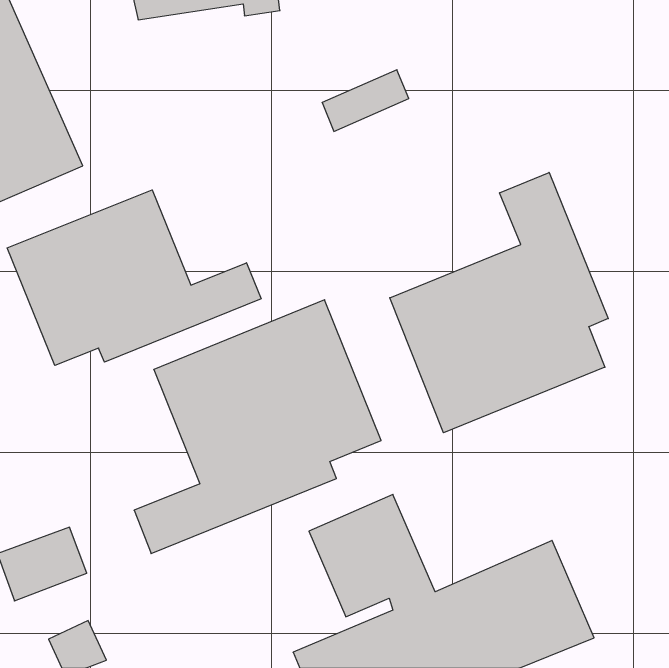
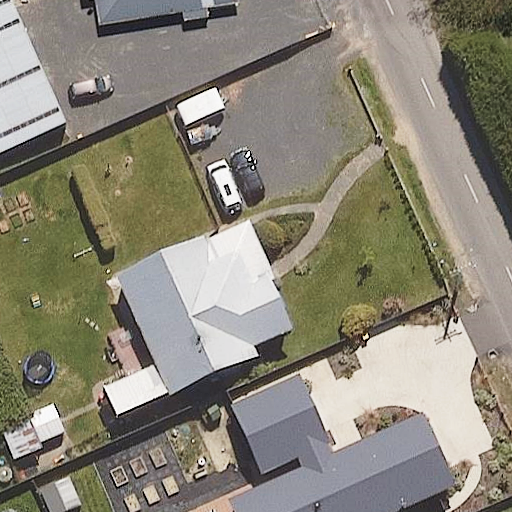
building: [390,172,608,433] -> none
building: [7,190,261,365] -> none

